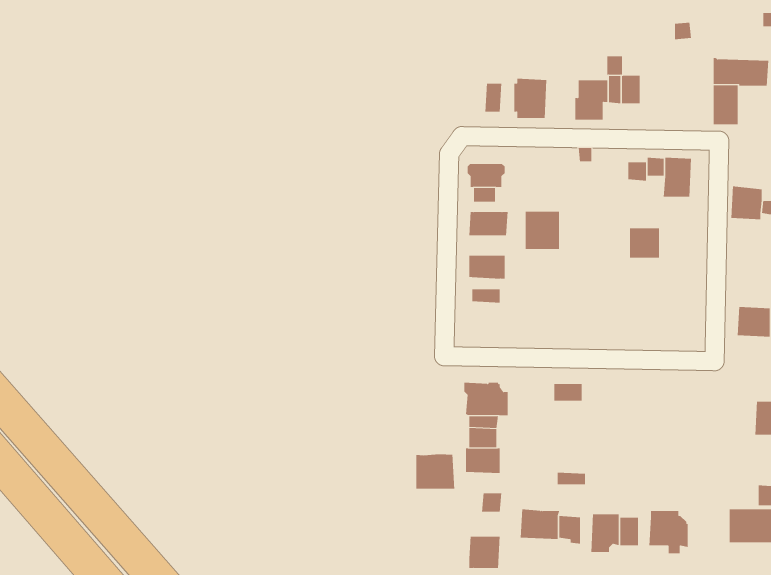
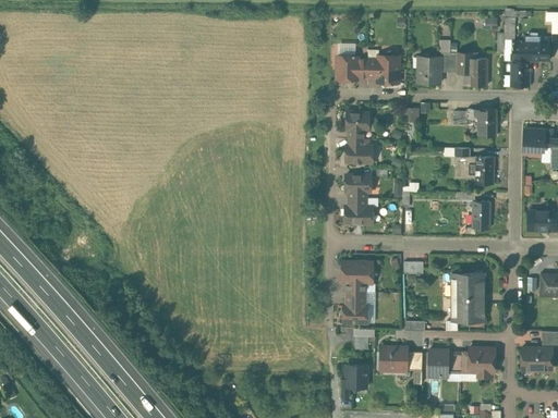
building: none -> [337,53,357,81]
building: none -> [463,58,486,85]
building: [525,211,560,250] -> none
building: none -> [475,156,494,183]
building: none -> [472,201,490,228]
building: none -> [344,206,373,222]
building: none -> [451,272,485,321]
building: [416,454,455,490] -> none

